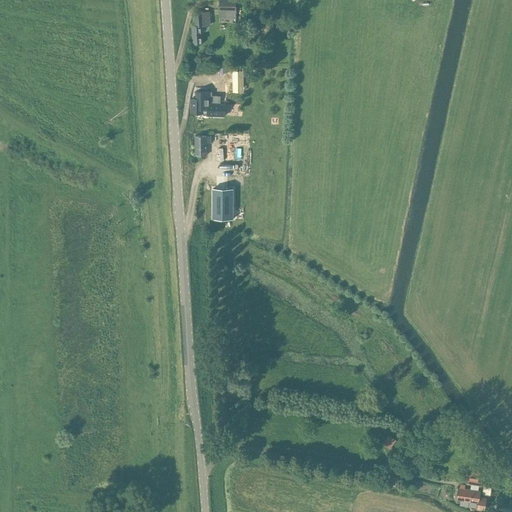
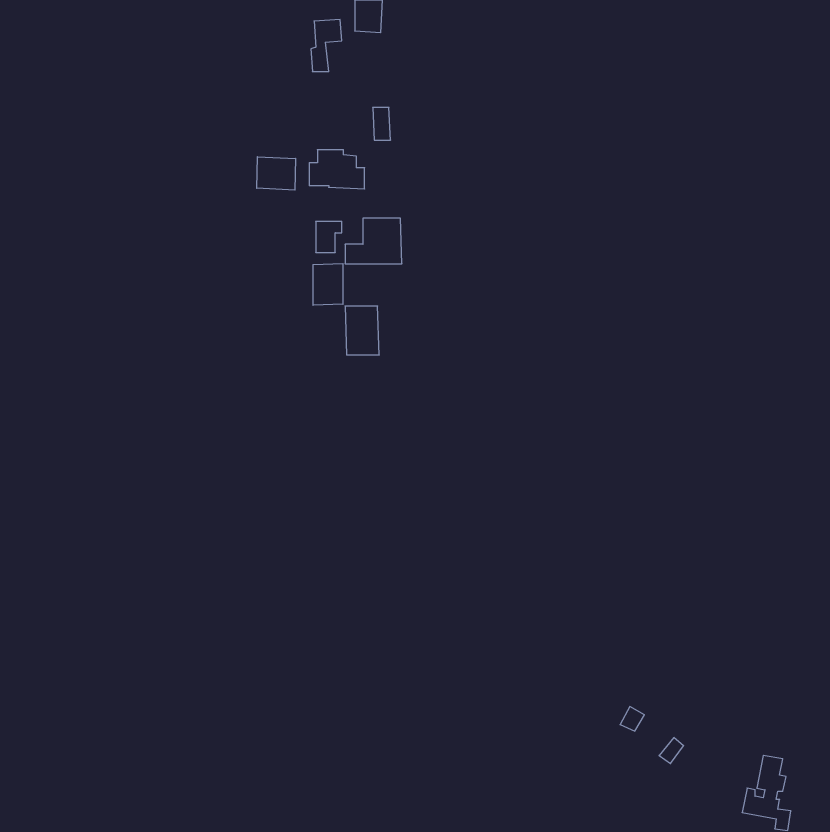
building: none -> [257,157,296,190]
building: none -> [313,264,343,305]

